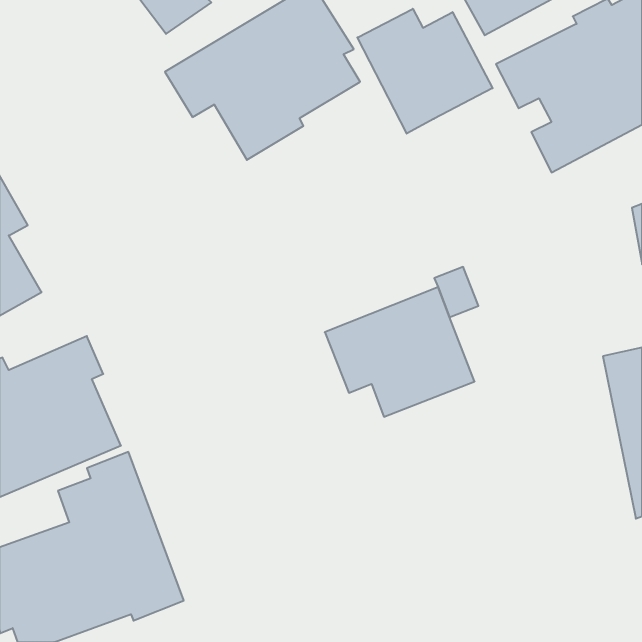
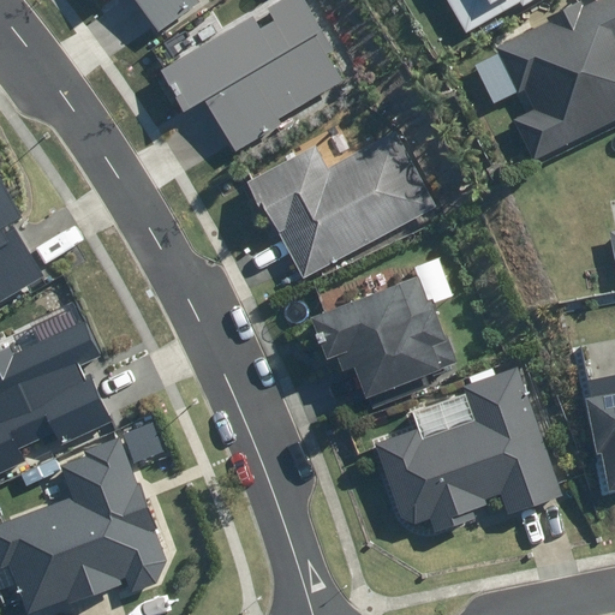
building: [357,9,493,134] -> none
building: none -> [249,121,438,277]
building: none -> [370,362,563,536]

